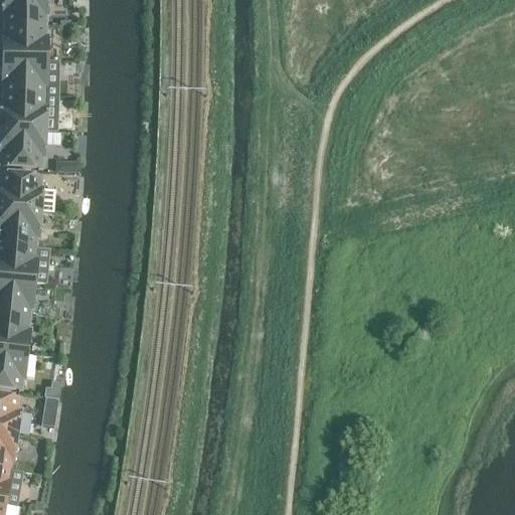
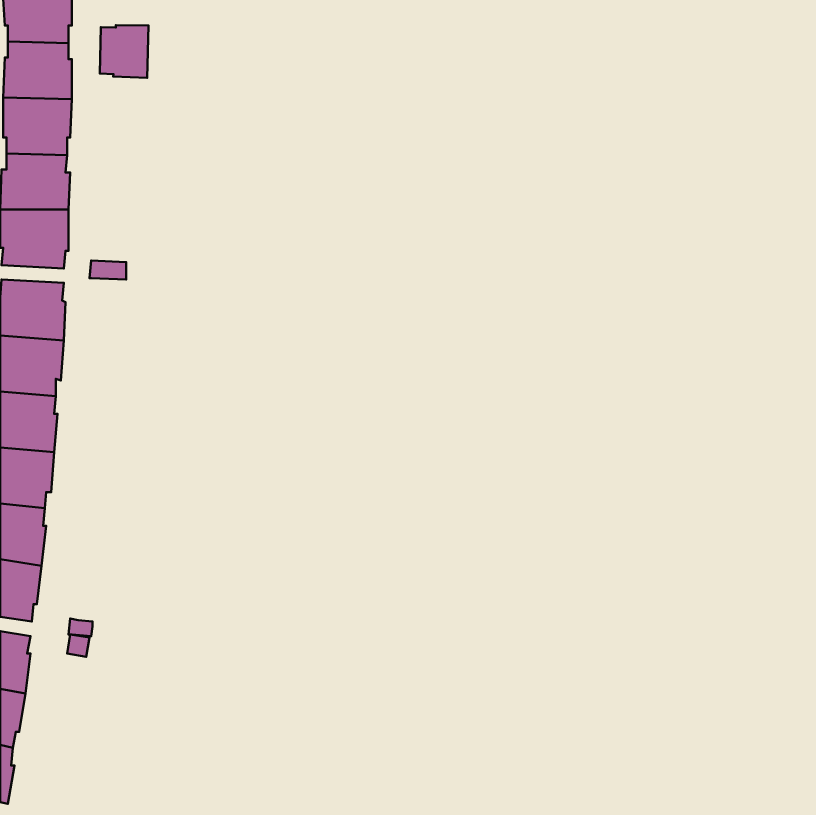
building: none -> [100,25,148,78]

